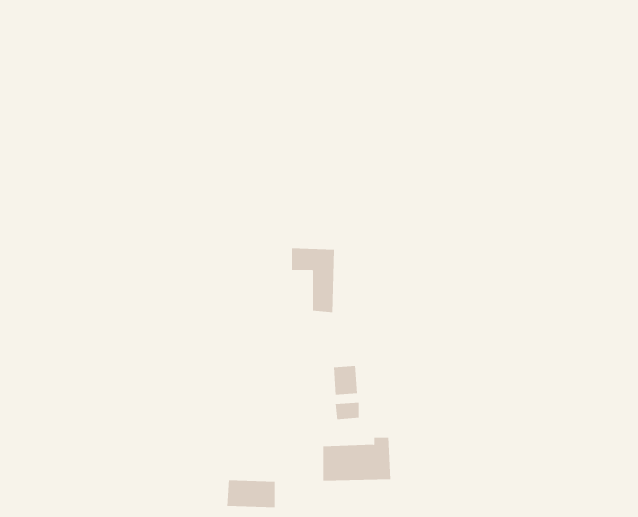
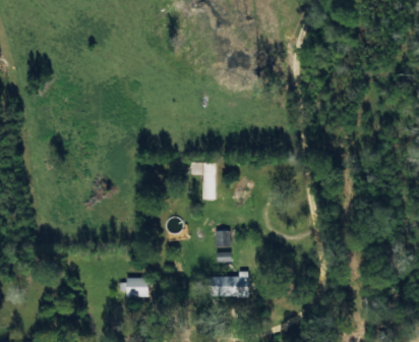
building: [226,480,276,508] -> [120,279,148,295]

